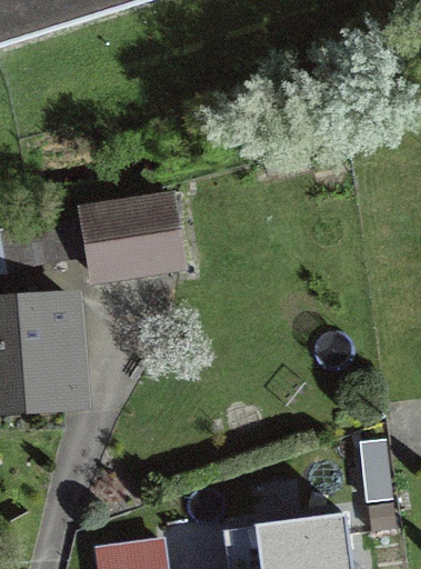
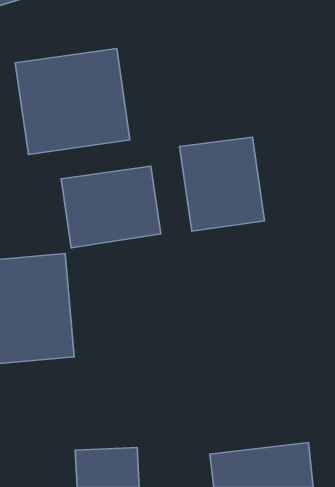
building: none -> [15,48,130,154]
building: none -> [180,137,264,231]

